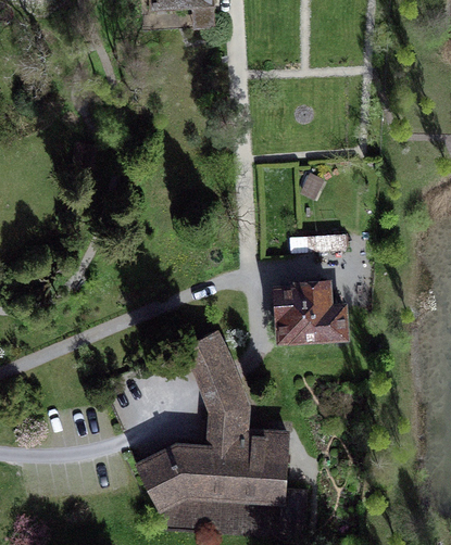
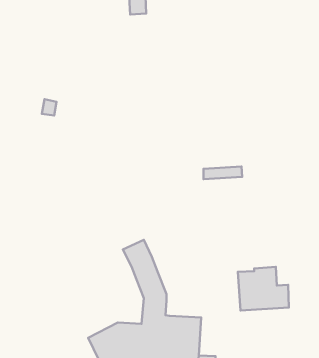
building: [277,281,346,340] -> [238,267,289,311]

